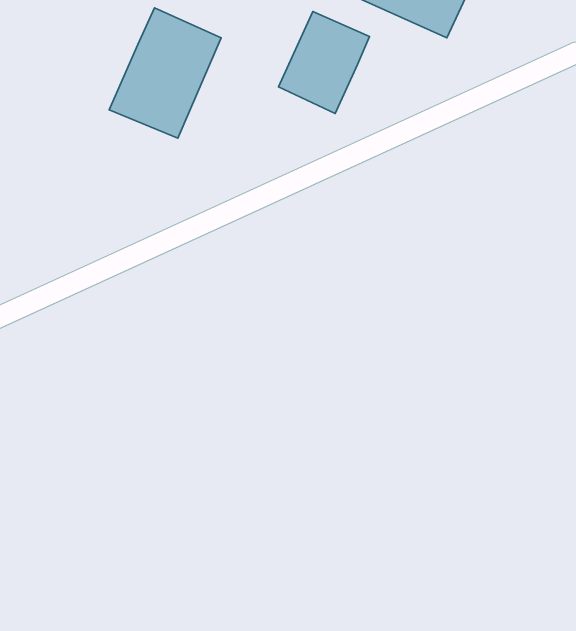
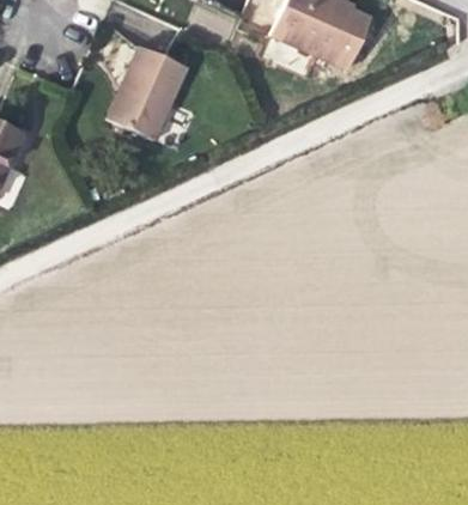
building: [278,12,369,114] -> none

